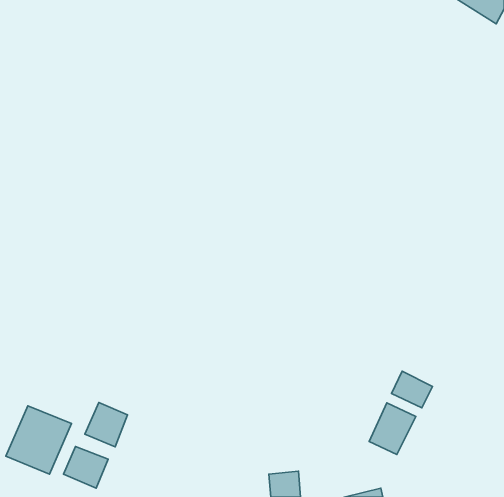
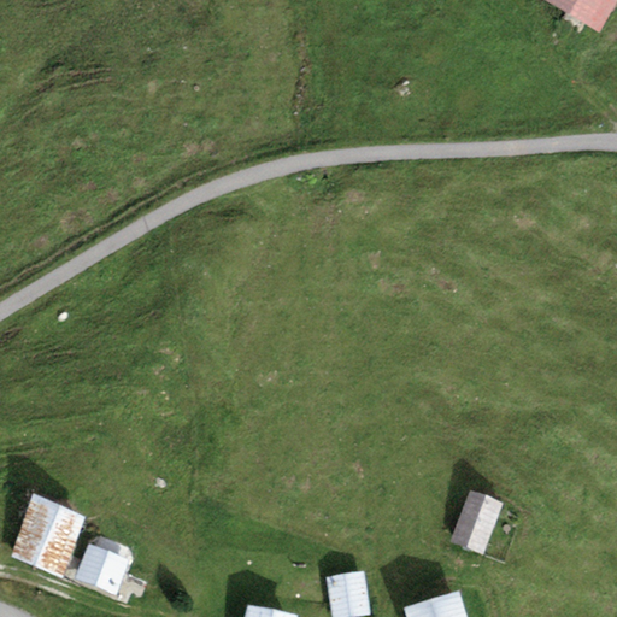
building: [391,371,433,408] -> none
building: [85,403,128,447] -> none

